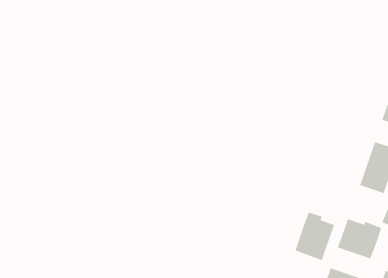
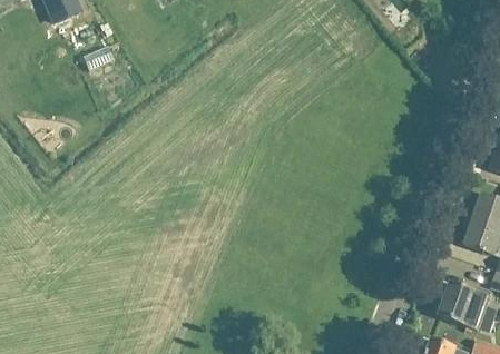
building: [294,212,335,261] -> none

